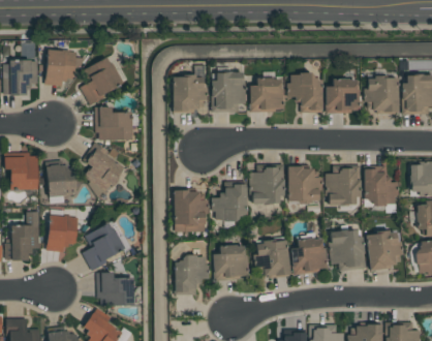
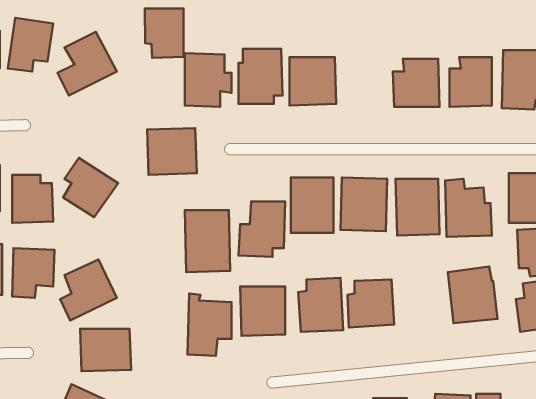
building: none -> [145,8,183,58]
building: [289,69,322,113] -> none
building: [96,106,132,141] -> [147,128,197,175]
building: [330,227,366,272] -> none

